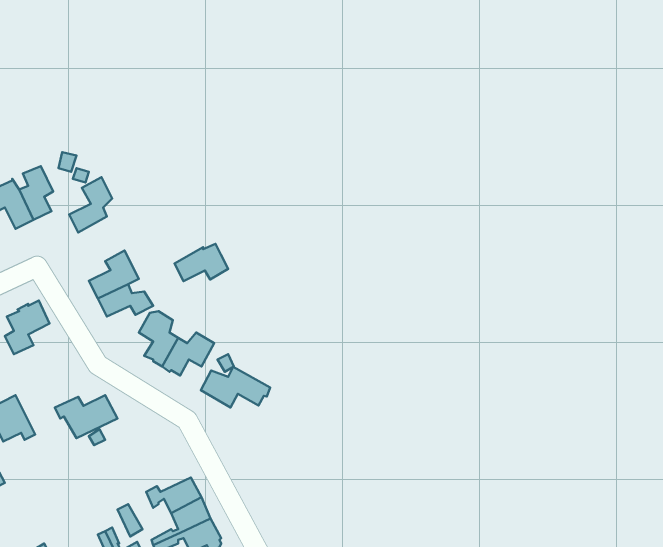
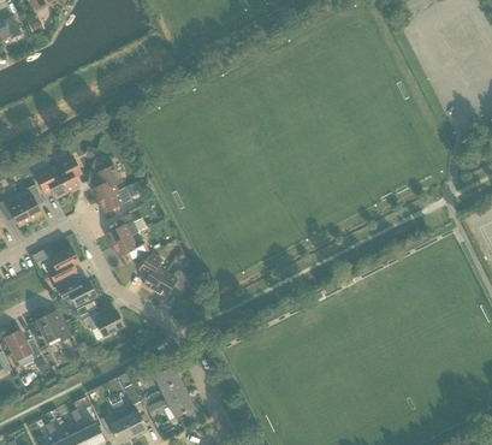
building: [174,244,228,281] -> [97,188,134,213]
building: none -> [58,280,96,307]
building: [201,367,270,407] -> none

